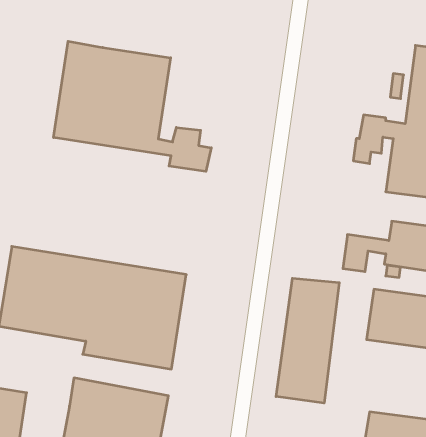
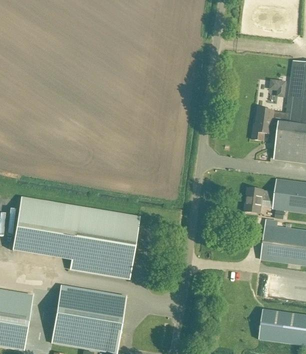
building: [54,41,211,171] -> none
building: [276,278,339,403] -> none

